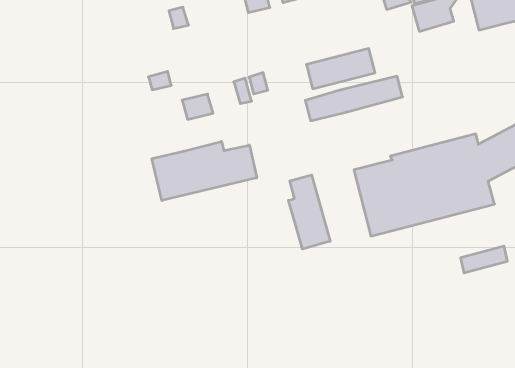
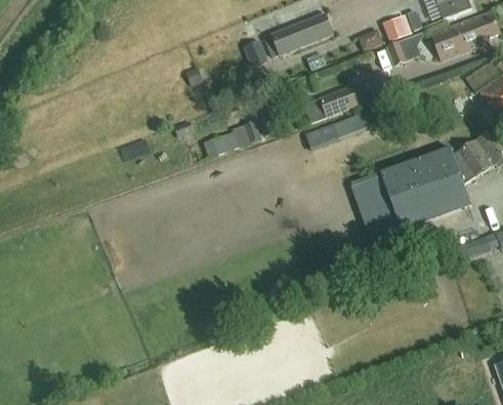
building: [152,141,257,201] -> none
building: [288,175,330,249] -> none

